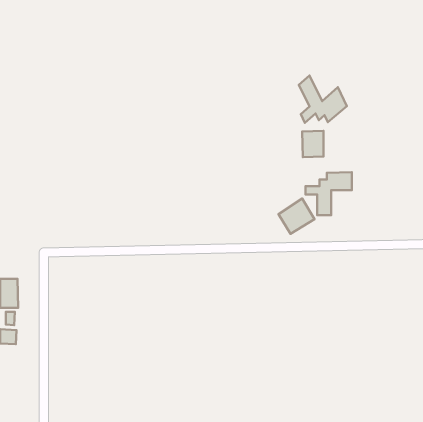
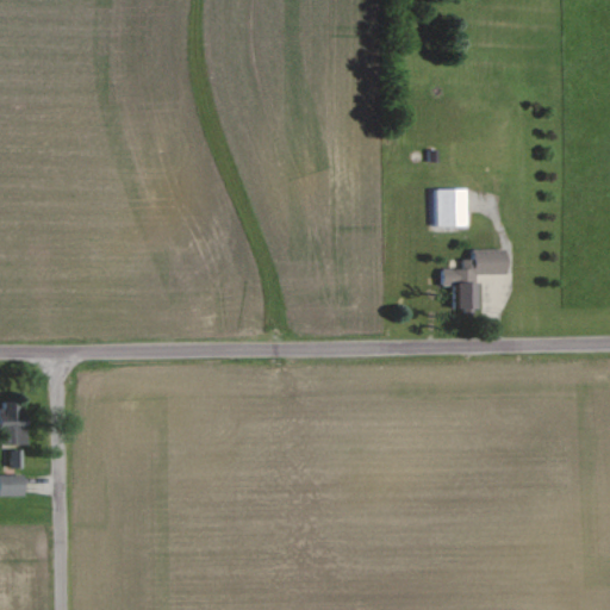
building: [299,75,347,123] -> none
building: [279,199,315,234] -> none

